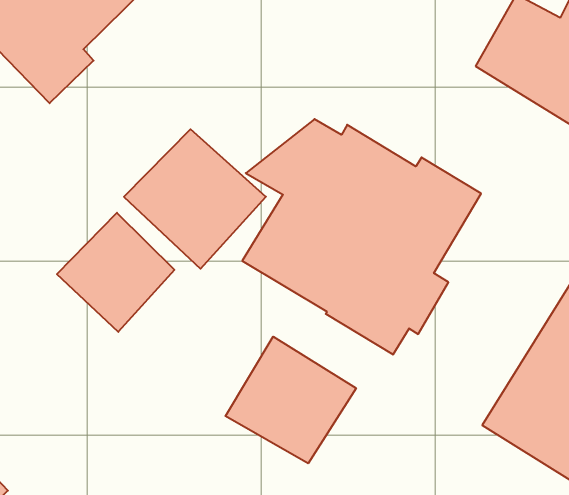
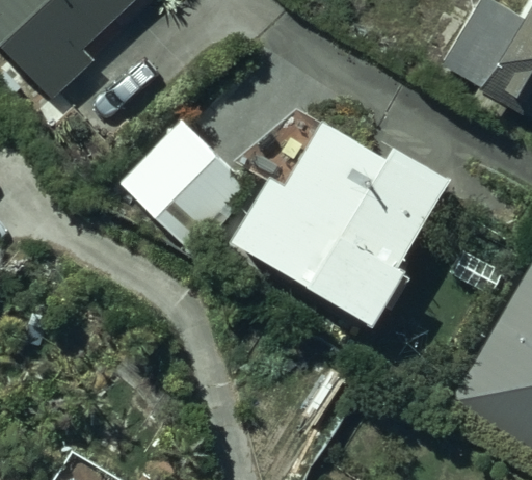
building: [57,213,174,332] -> none
building: [225,337,356,463] -> none

